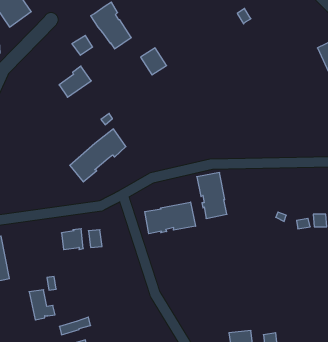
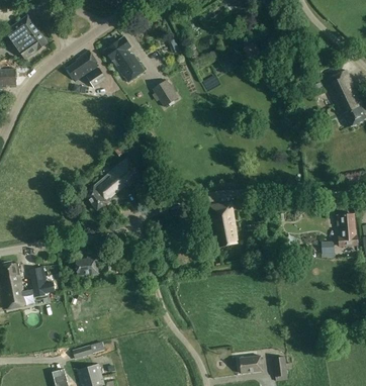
building: [59,66,91,97] -> [68,50,99,80]
building: [145,202,196,234] -> none
building: [29,290,55,320] -> [30,267,56,296]

